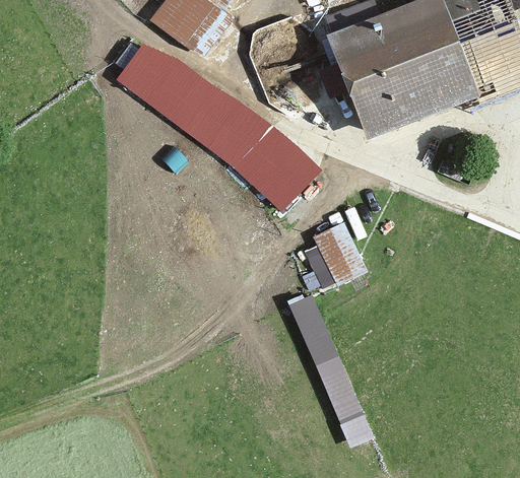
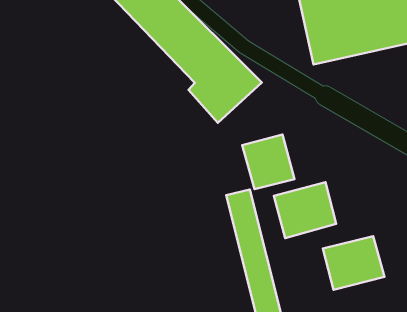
building: none -> [274,182,336,238]
building: none -> [323,236,384,290]

